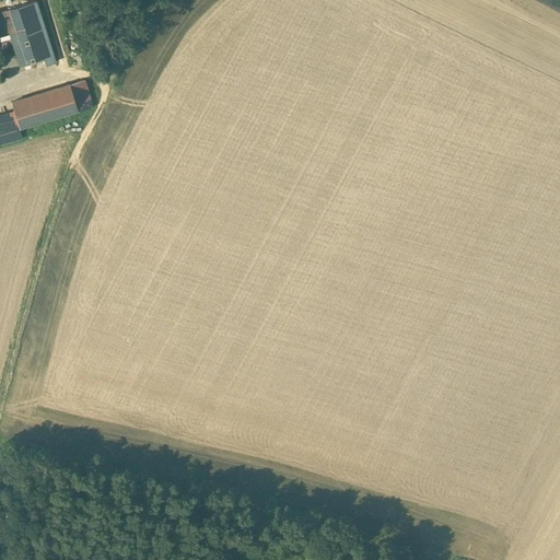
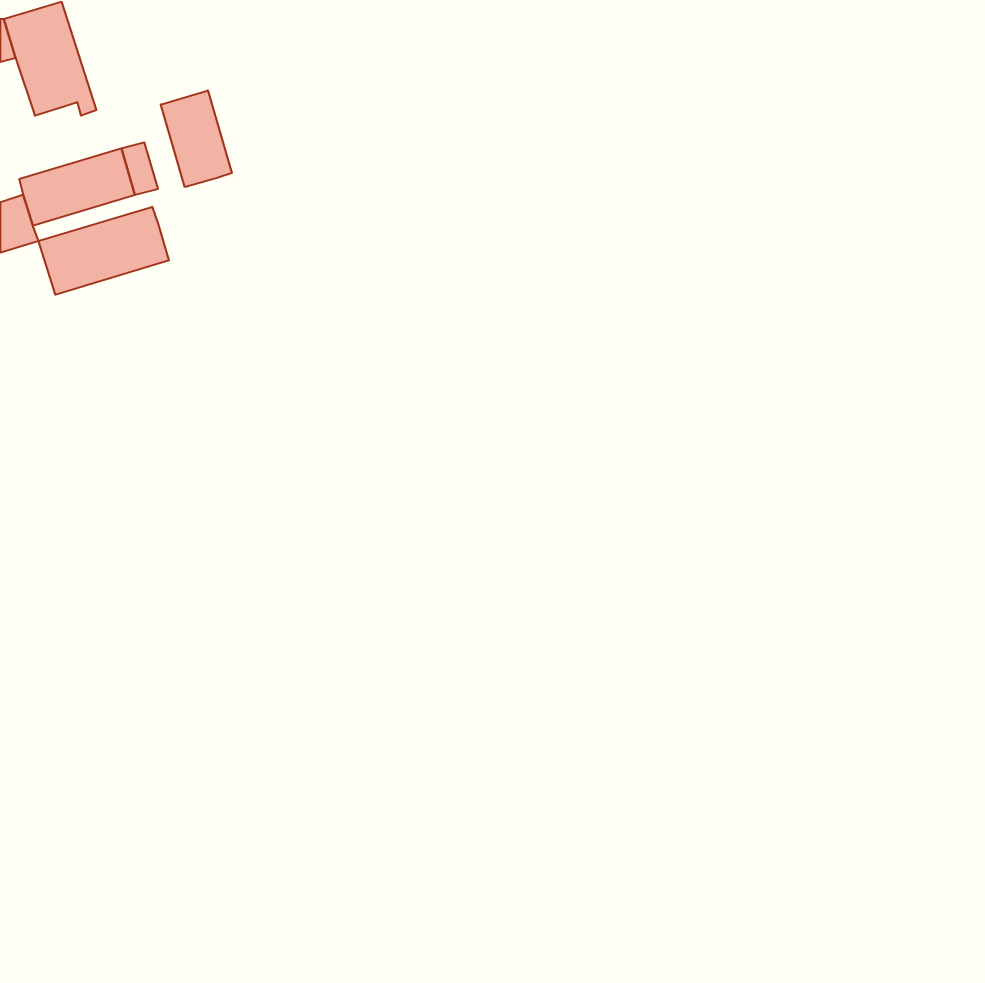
building: none -> [161,90,232,187]
building: none -> [39,207,169,295]

